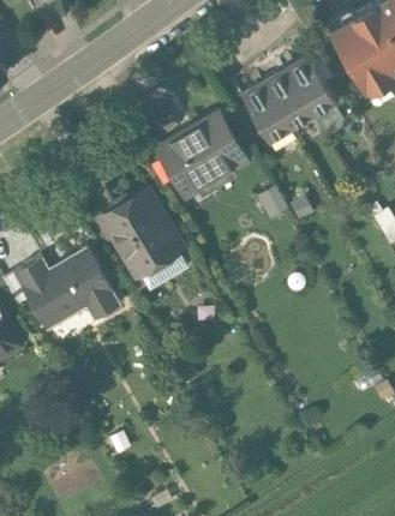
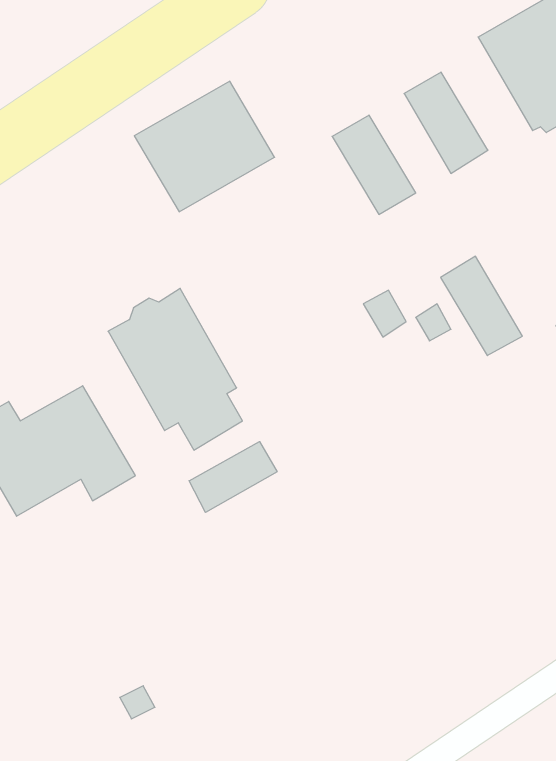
building: [263,67,313,128] -> [441,256,522,356]
building: [158,115,245,196] -> [134,81,275,212]
building: none -> [189,442,277,512]

